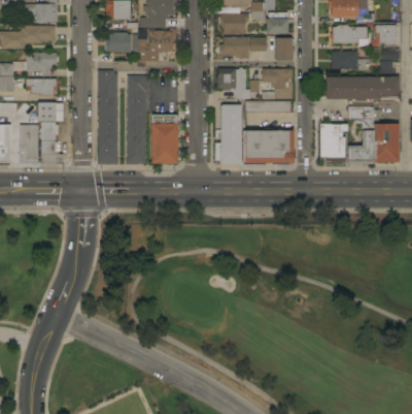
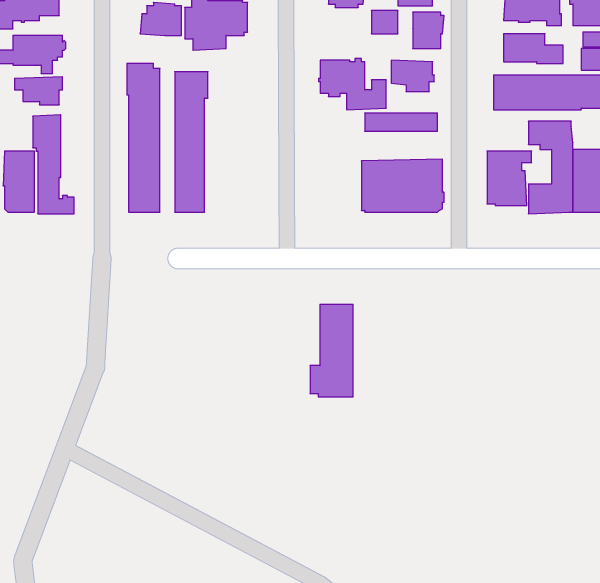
building: [219,37,248,59] -> none
building: [214,105,241,163] -> [310,304,353,397]
building: [150,116,177,163] -> none

